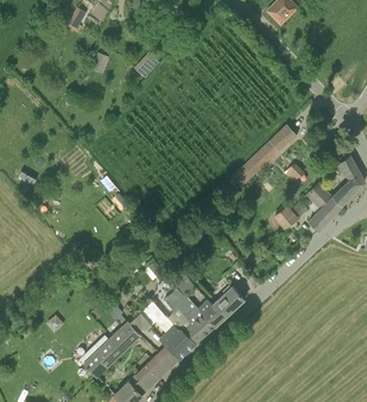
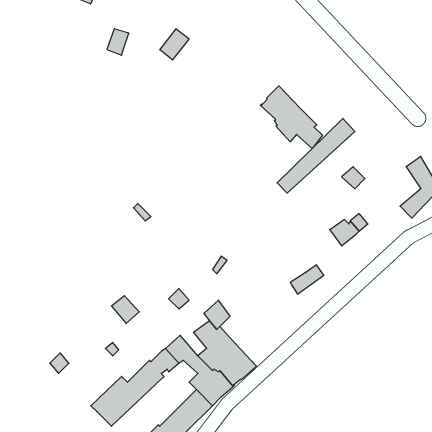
building: none -> [260,86,322,149]
building: [307,183,342,231] -> none
building: [198,286,244,327] -> none

